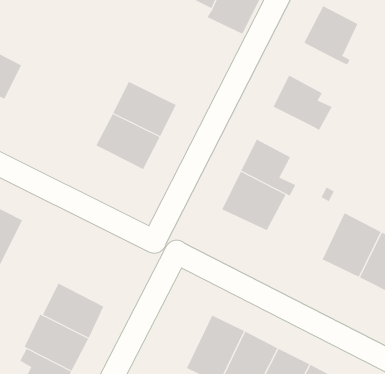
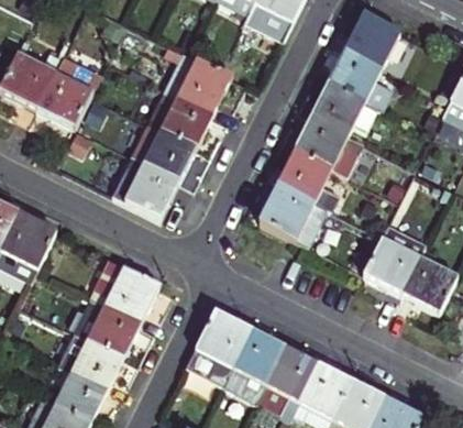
building: none -> [330,50,392,108]
building: none -> [165,51,233,113]
building: none -> [37,58,92,128]
building: none -> [297,116,366,176]
building: none -> [125,162,180,218]
building: none -> [92,260,159,321]
building: none -> [187,311,251,385]

